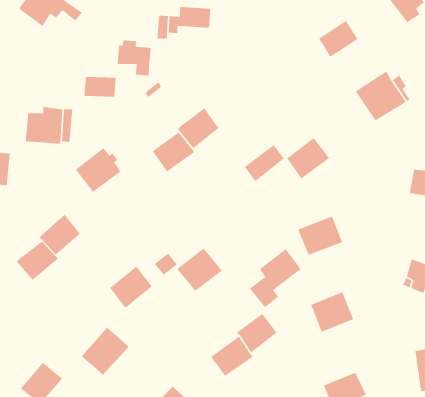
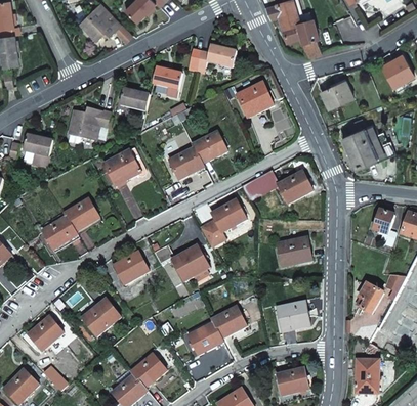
building: none -> [237,82,273,117]
building: [249,248,302,308] -> [200,199,246,245]

